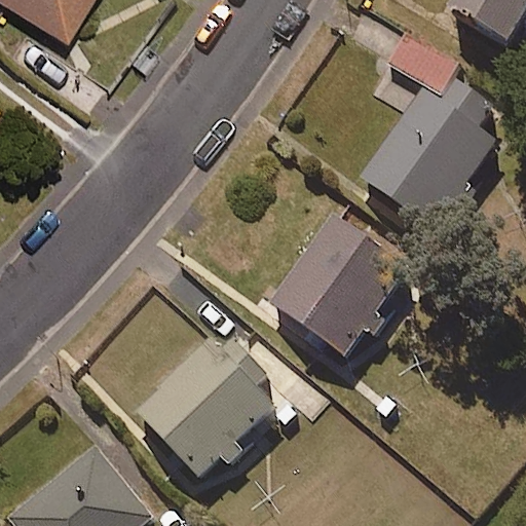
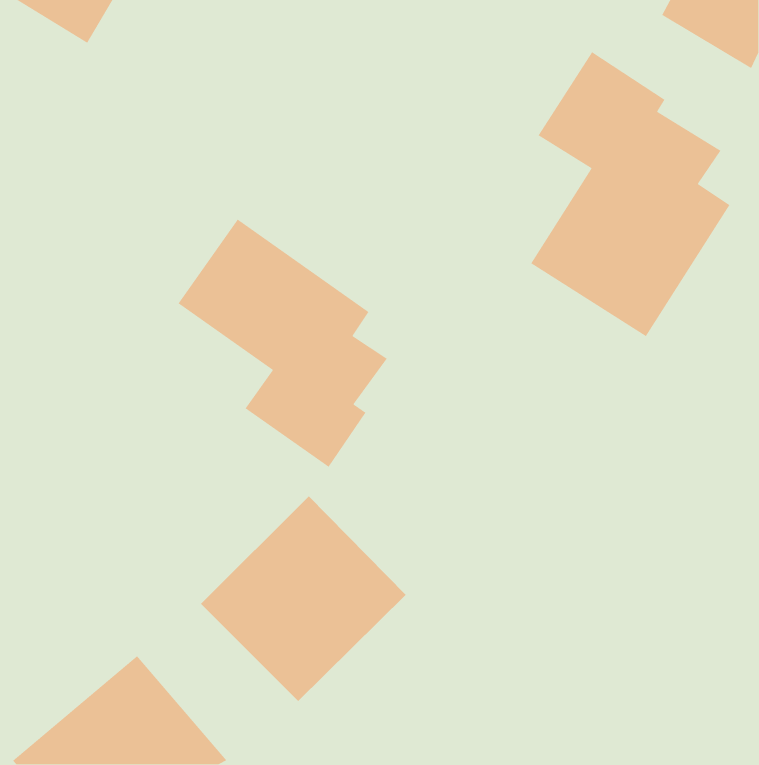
building: none -> [178,218,388,468]
building: [270,214,409,356] -> none

